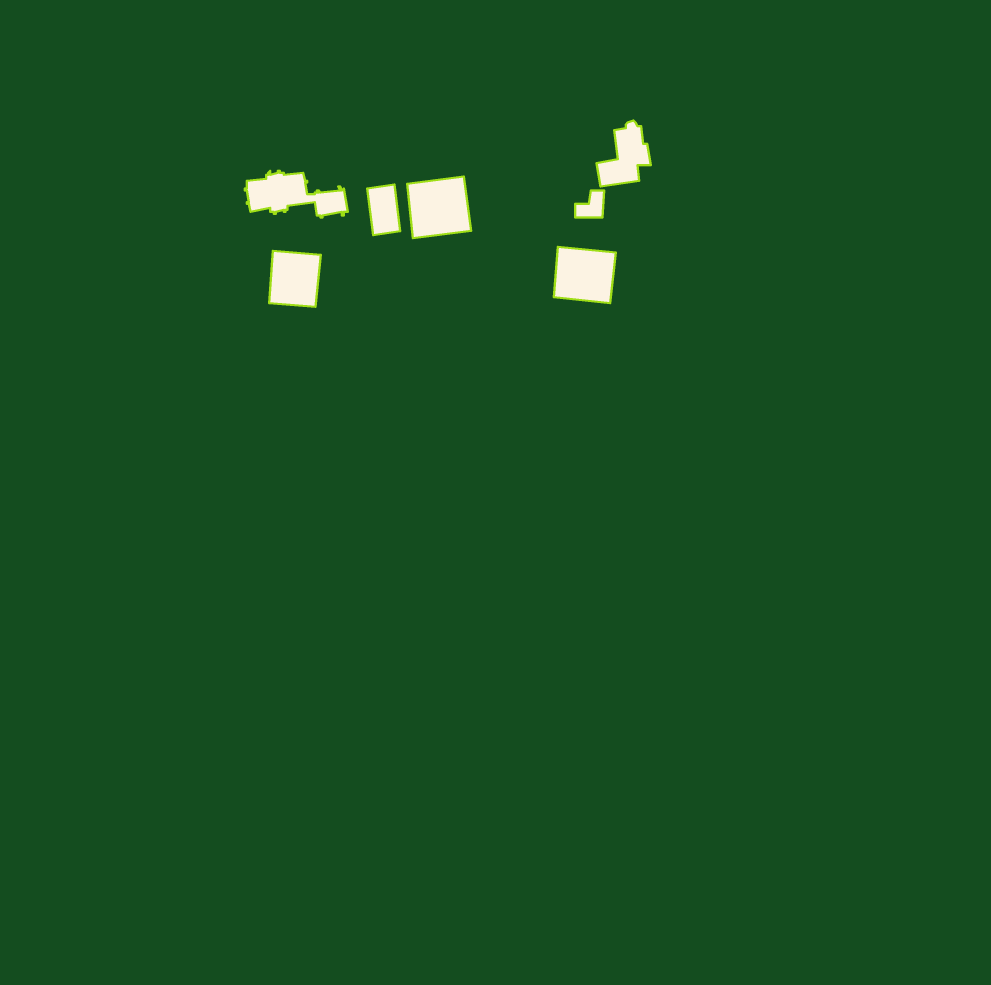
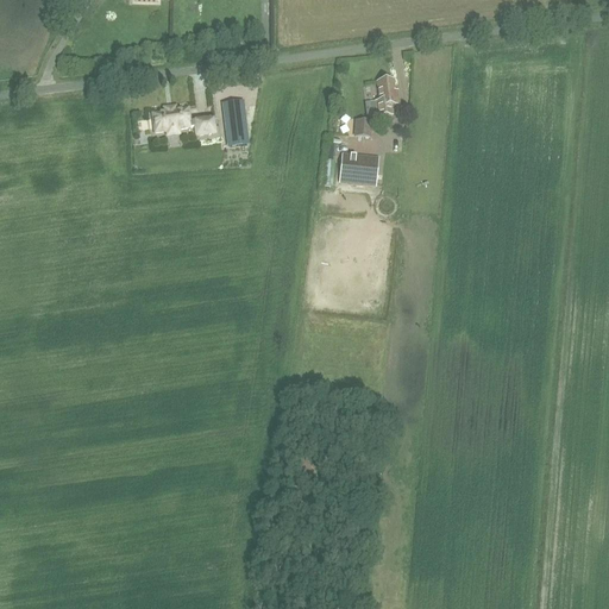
building: [407,177,471,238] -> none
building: [269,251,321,307] -> none

